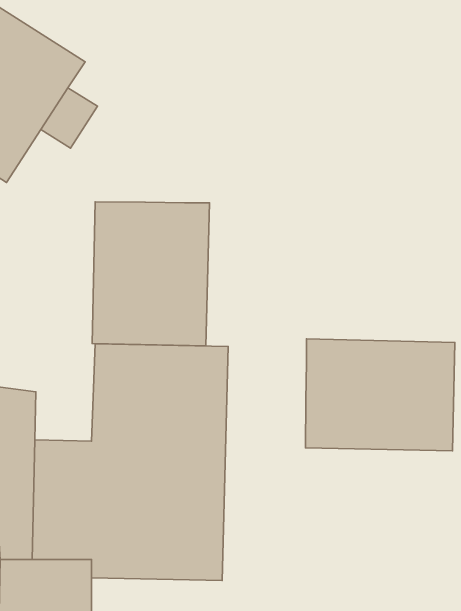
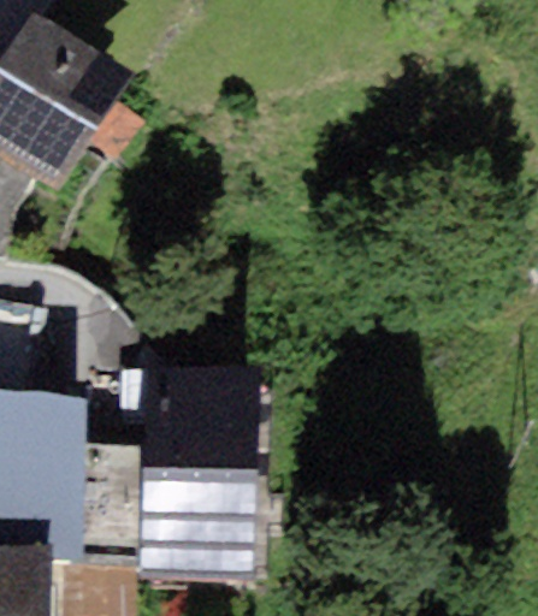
building: [92,202,209,346] -> none
building: [305,339,455,451] -> none

